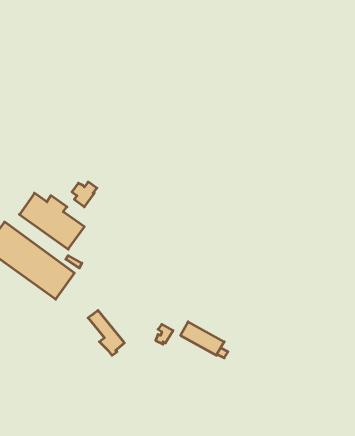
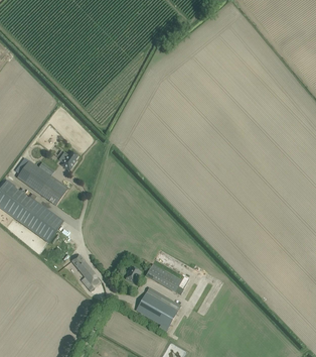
building: none -> [135,286,180,333]

